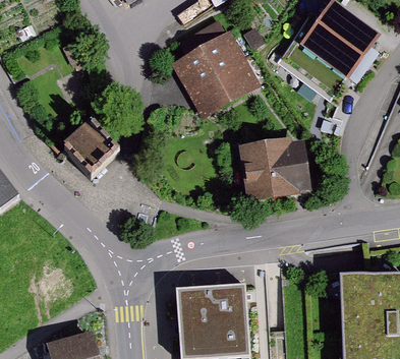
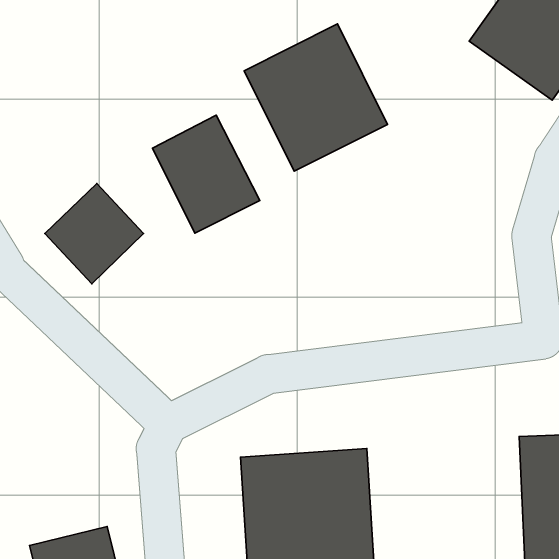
building: none -> [152,115,260,233]
building: [250,139,317,196] -> none

